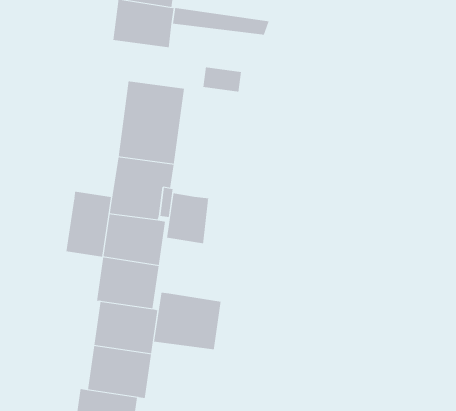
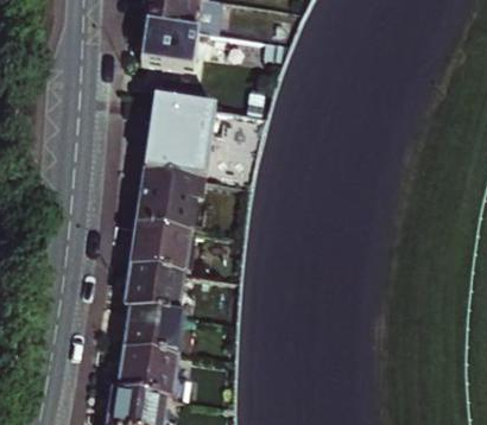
building: [66,191,111,258] -> none
building: [167,192,209,244] -> none
building: [154,292,221,350] -> none

